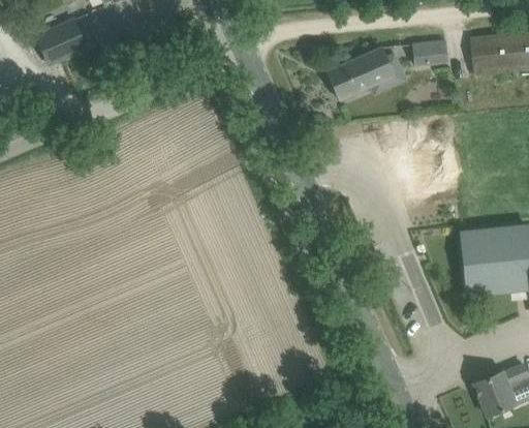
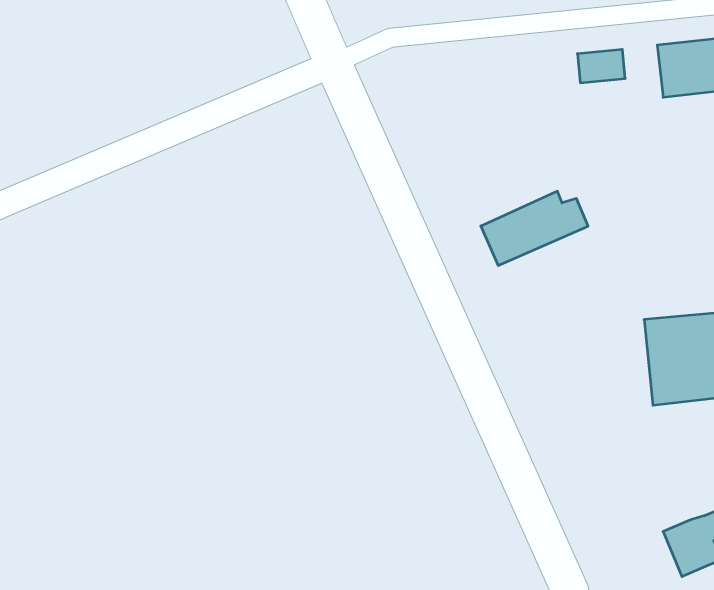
building: [36,19,87,65] -> none
building: [328,48,404,100] -> [481,191,588,265]

